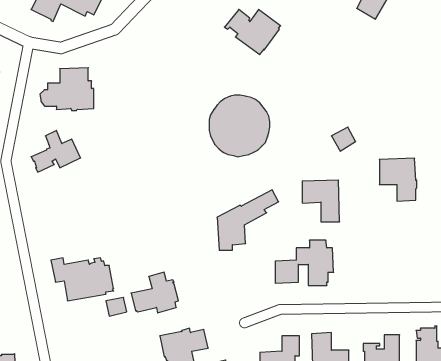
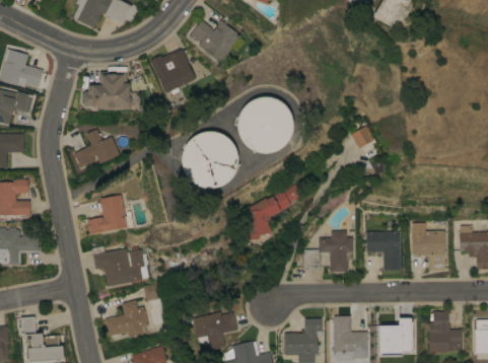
building: [224,9,281,55] -> [189,20,240,62]
building: none -> [150,49,196,95]
building: none -> [182,131,239,188]
building: [379,158,417,201] -> [412,230,446,270]
building: [302,180,340,222] -> [366,231,401,270]
building: none -> [87,195,134,235]
building: [131,272,178,313] -> [106,299,149,337]

